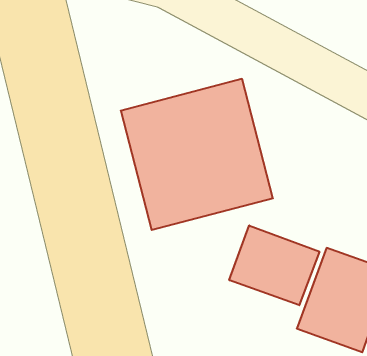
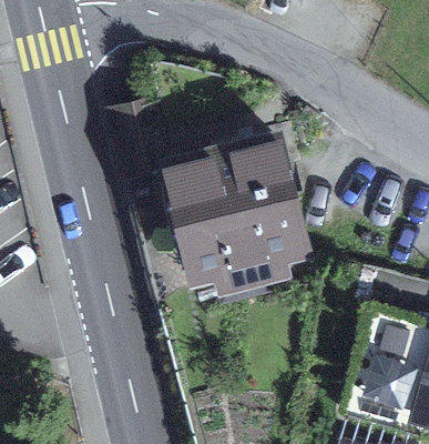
building: [229,225,319,305] -> none

